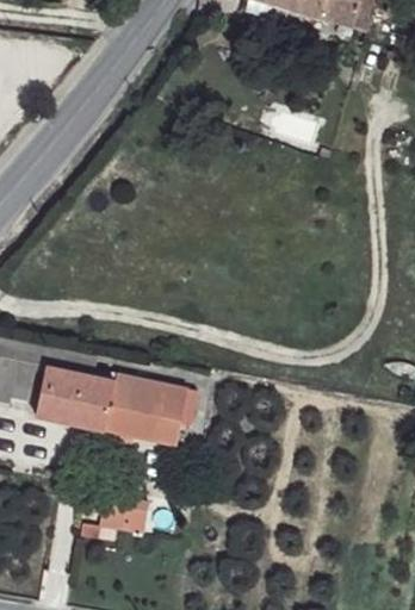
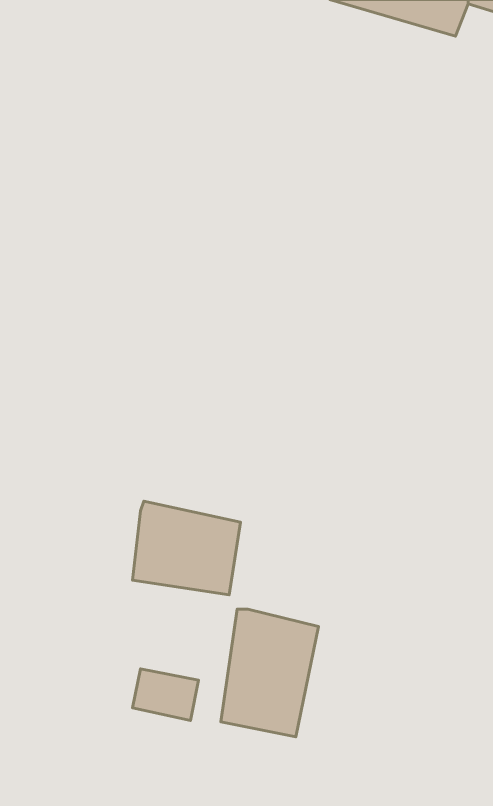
building: [39,369,112,430] -> none
building: none -> [221,609,318,737]

